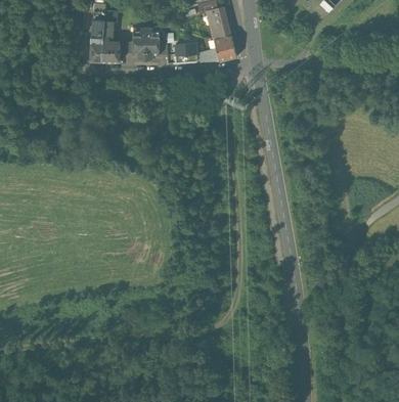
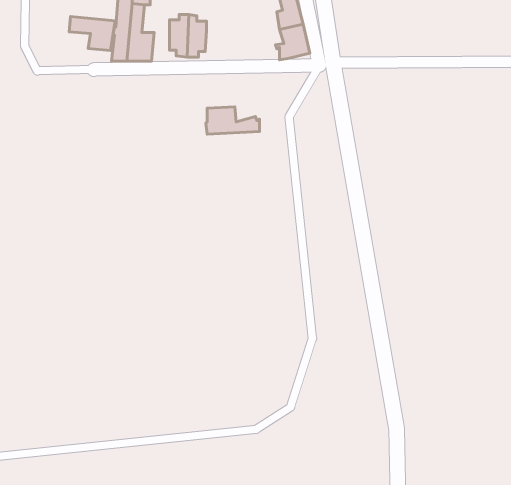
building: none -> [69,16,115,51]
building: [173,44,213,64] -> [206,107,260,134]

